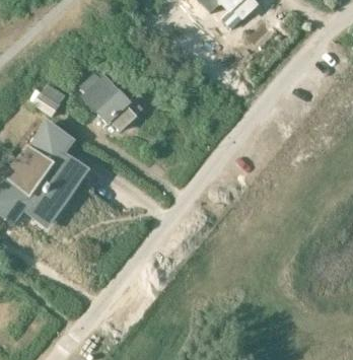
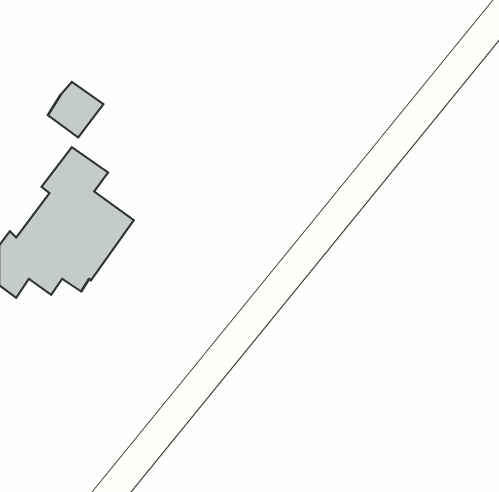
building: [78,73,134,131] -> none

